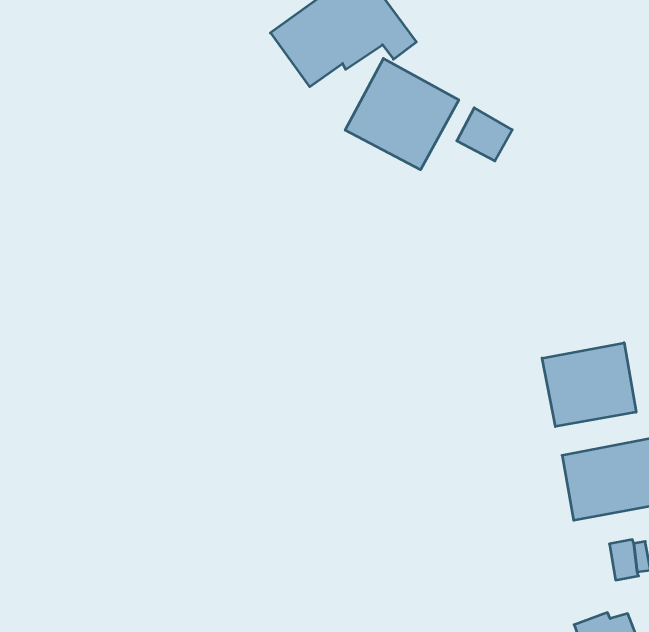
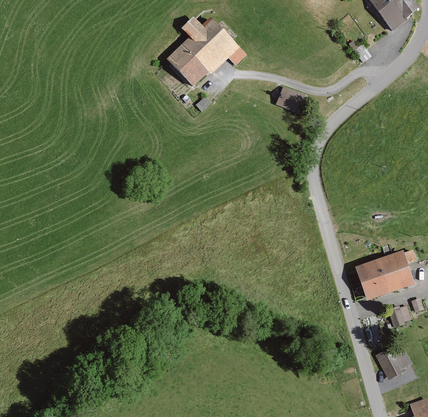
building: [345,58,459,170] -> none
building: [542,343,636,427] -> none

